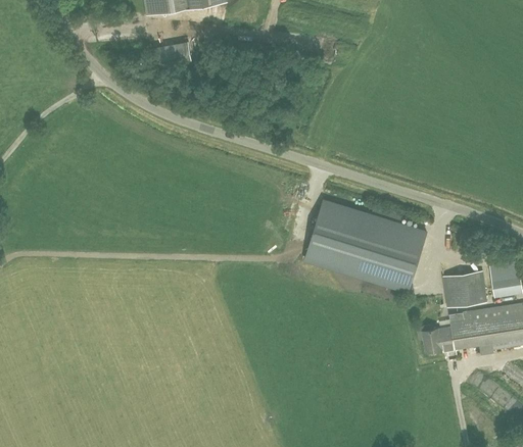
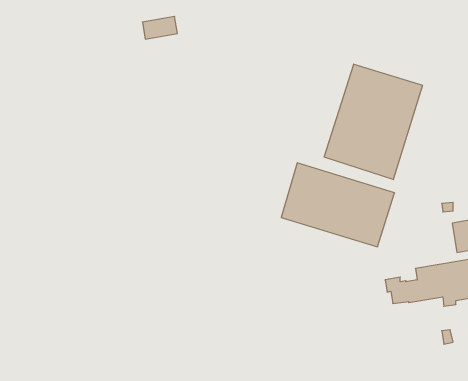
building: none -> [324,64,423,180]
building: [443,271,486,307] -> none

